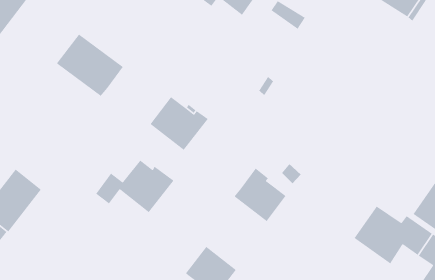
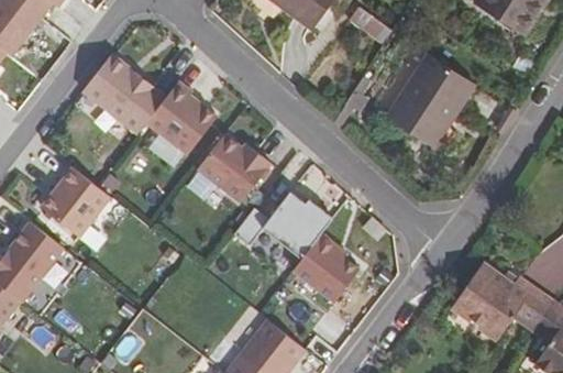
building: none -> [387,59,472,150]
building: none -> [145,79,216,153]
building: none -> [43,168,109,237]
building: [95,159,175,213] -> [233,189,332,256]

